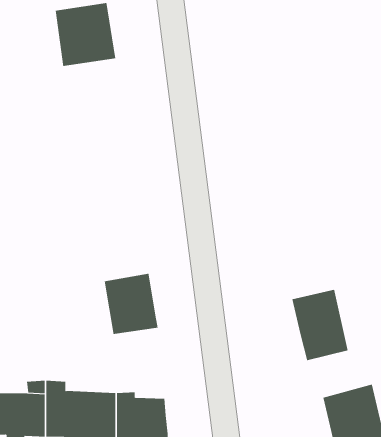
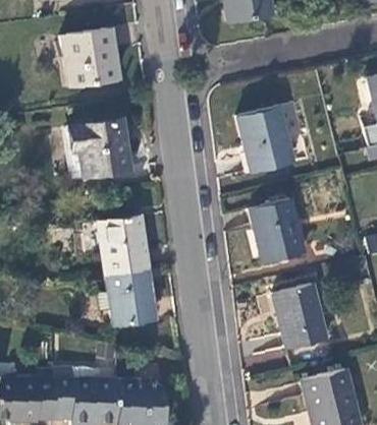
building: none -> [238,107,292,171]
building: none -> [69,121,130,178]
building: none -> [250,198,304,262]
building: none -> [97,218,147,278]

